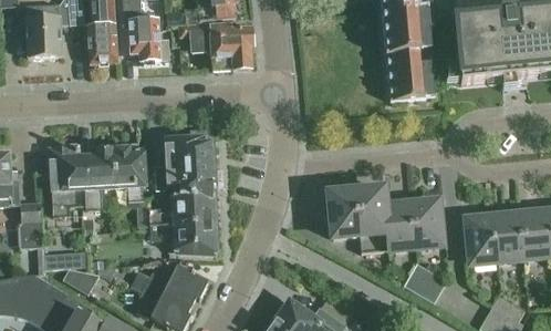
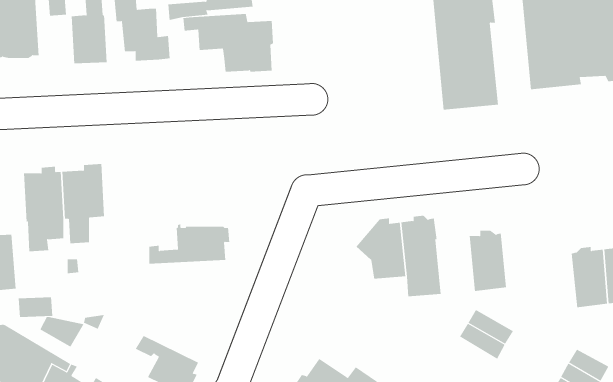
building: [154,138,216,194] -> none
building: [113,143,150,211] -> none
building: [384,199,415,249] -> none
building: [466,213,498,262] -> none
building: [150,221,219,252] -> none
building: [146,265,208,304] -> none

